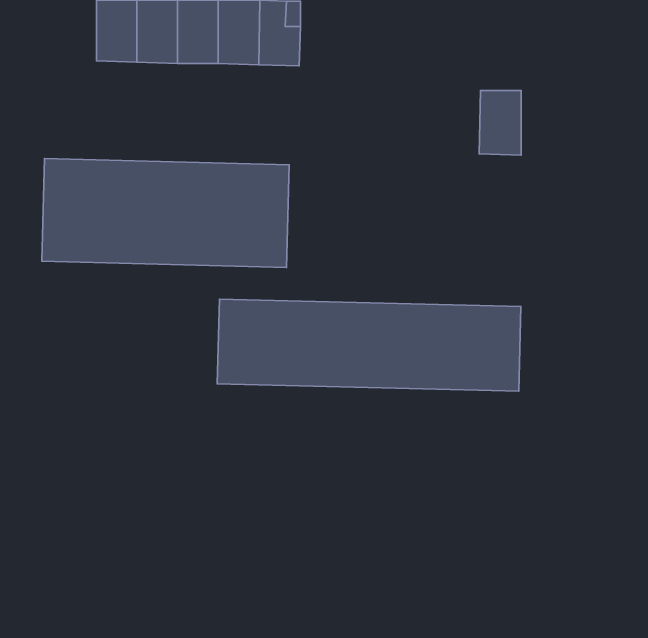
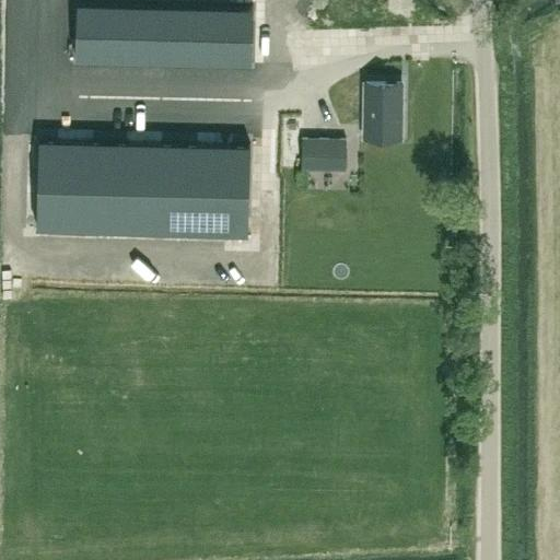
building: [479,90,521,155] -> [364,89,400,144]
building: none -> [301,144,346,176]
building: [217,299,521,391] -> none

